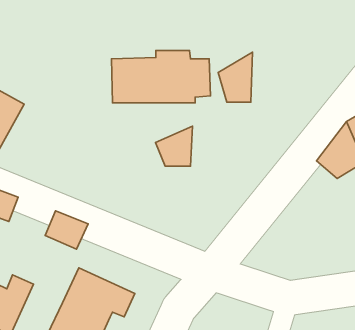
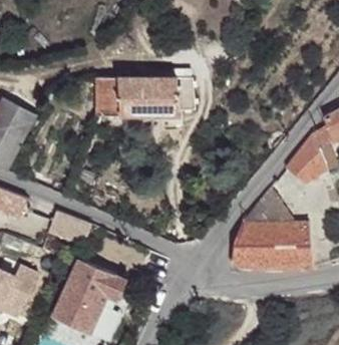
building: [218,52,253,102] -> none
building: [156,126,193,166] -> none
building: none -> [229,189,312,268]

